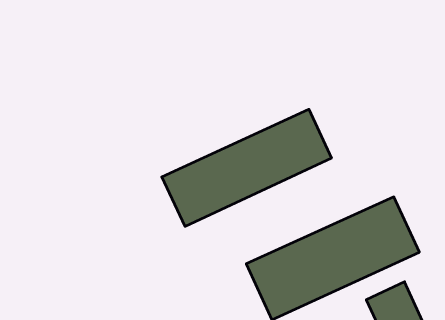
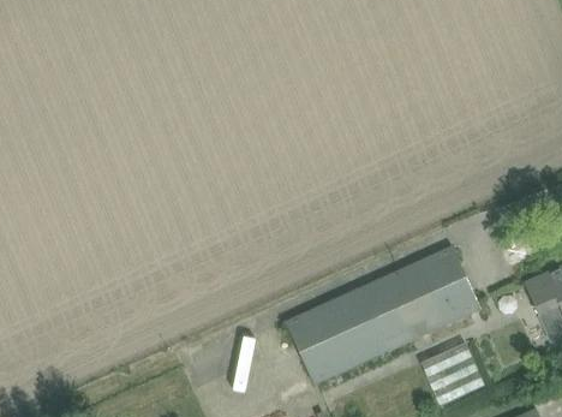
building: [162,109,331,226] -> none

